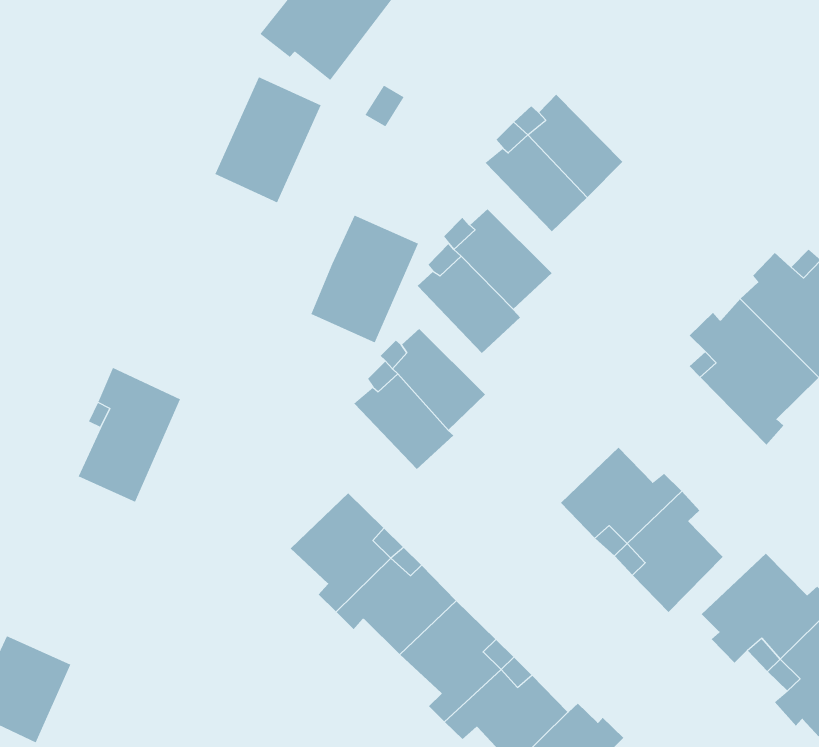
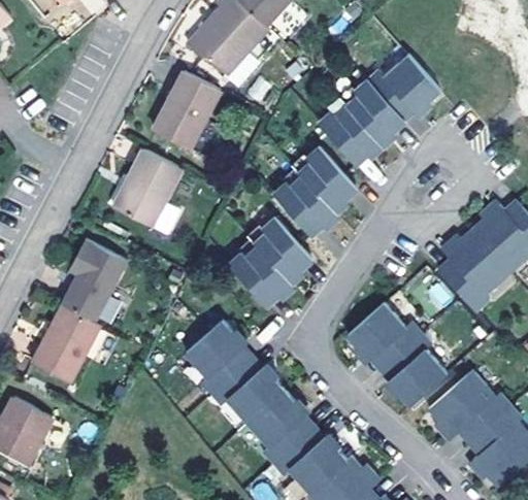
building: none -> [363,65,436,132]
building: [310,215,419,343] -> [114,149,183,228]
building: none -> [30,304,99,384]

